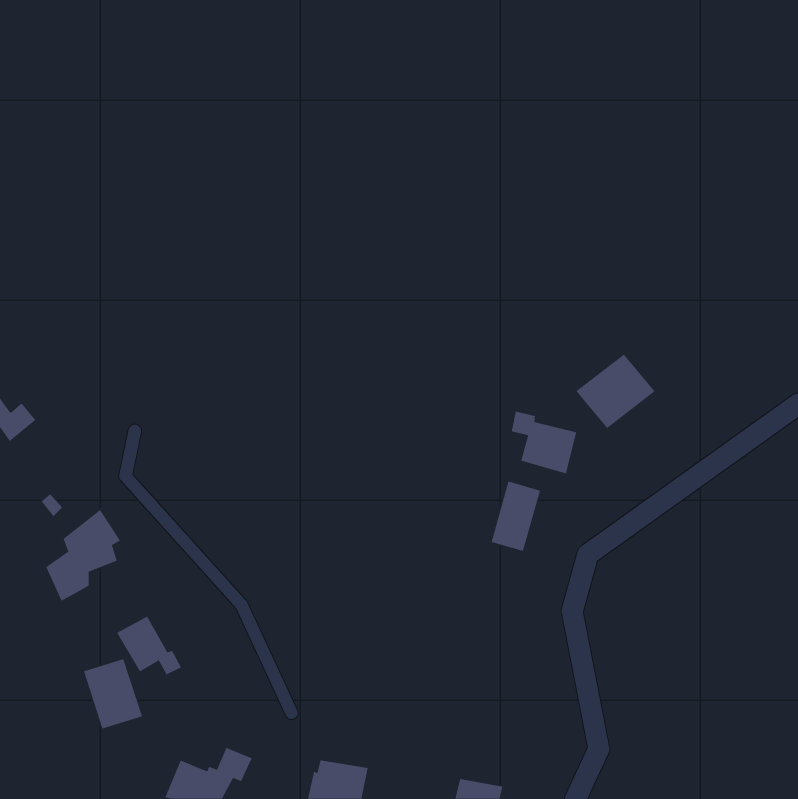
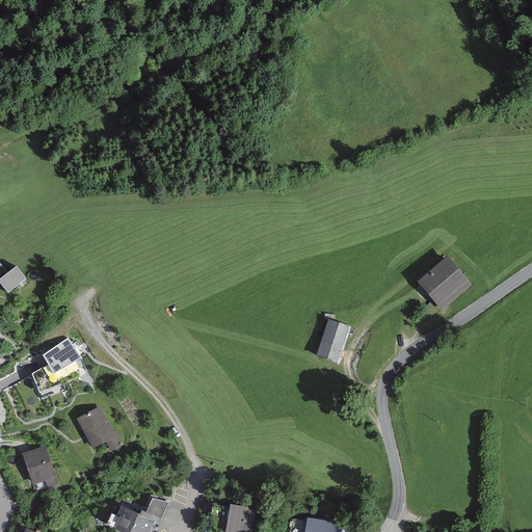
building: [576,354,656,429] -> [421,257,474,307]
building: [511,411,577,474] -> none
building: [83,659,143,729] -> [20,446,59,493]

